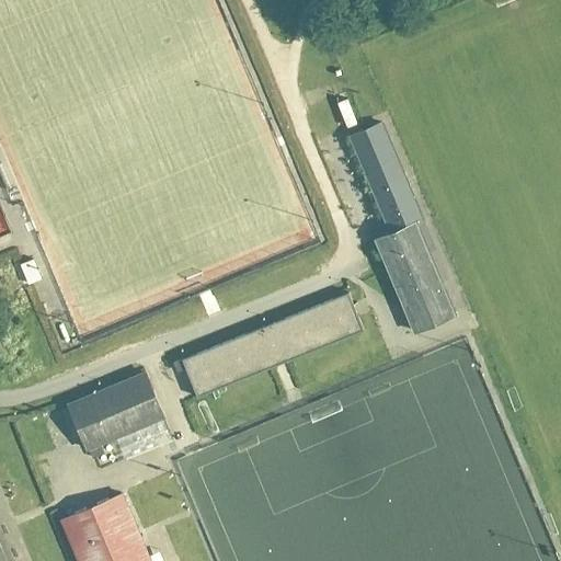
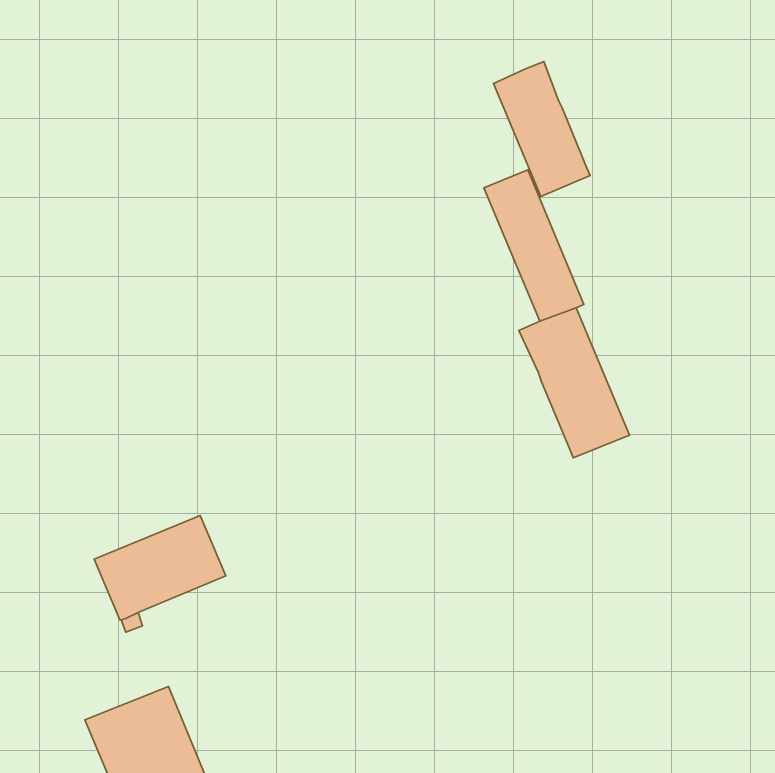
building: none -> [494,61,590,196]
building: [173,293,363,398] -> none

